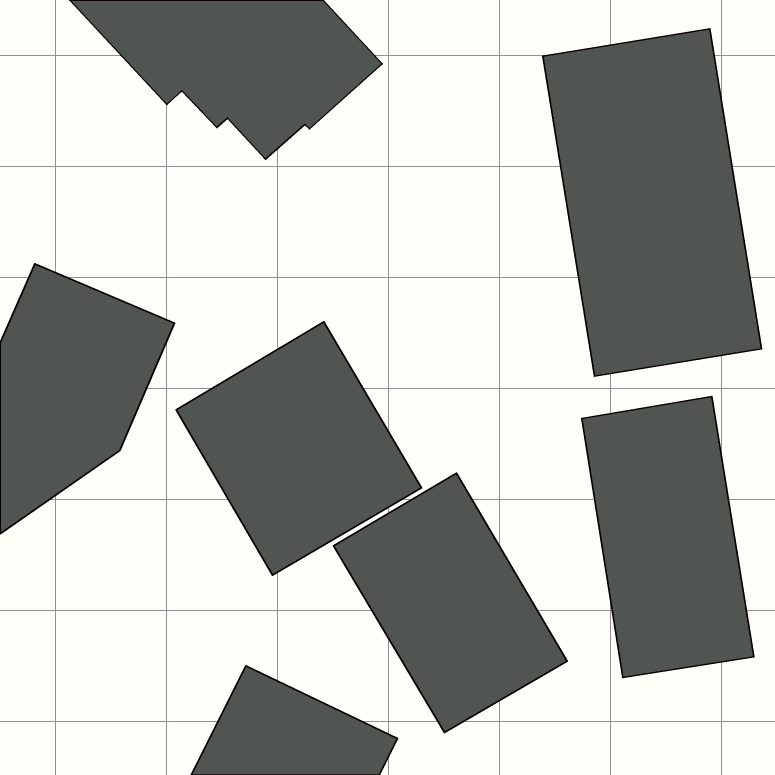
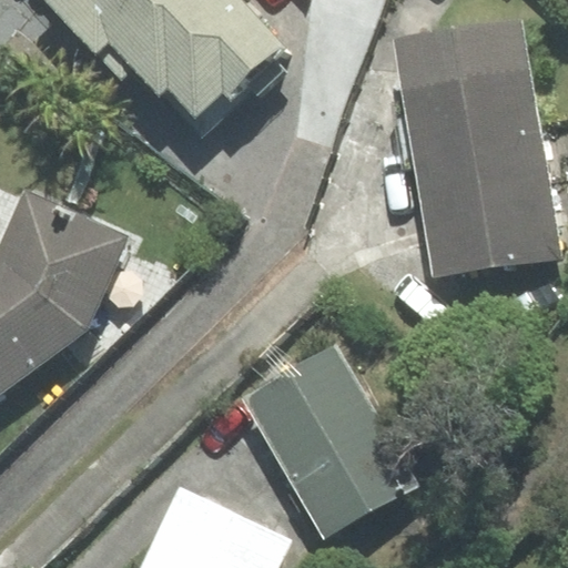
building: [176,322,422,575] -> none
building: [582,396,754,678] -> none

